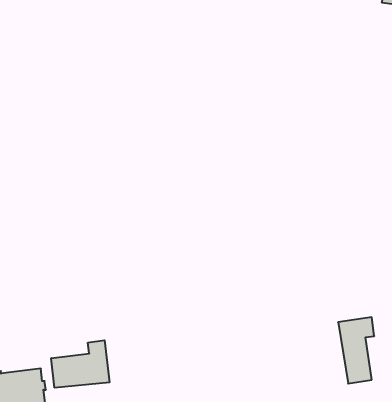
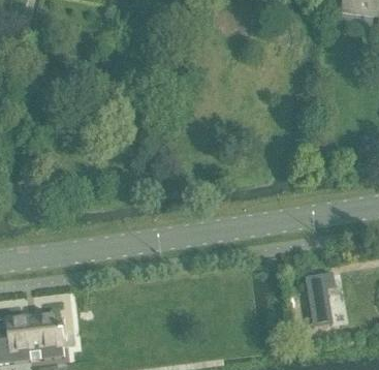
building: [51,340,109,388] -> none

